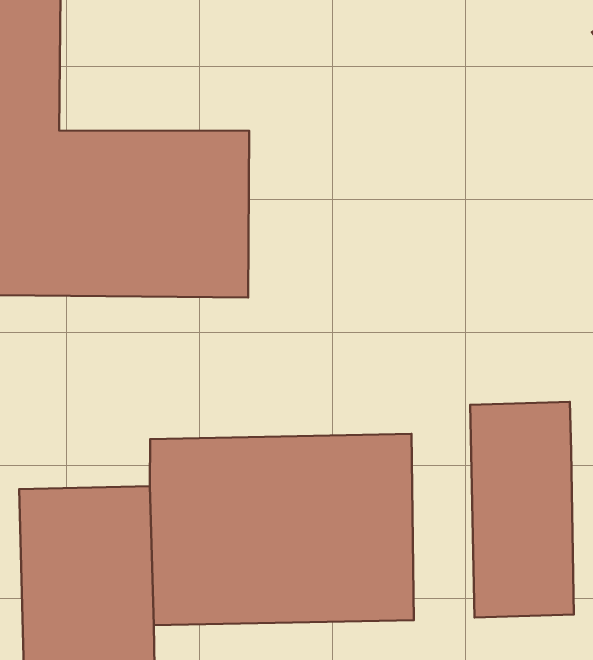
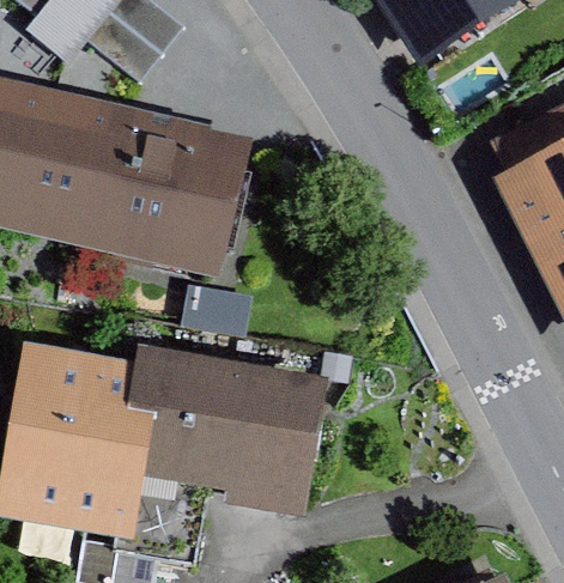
building: [470,402,574,617] -> none

